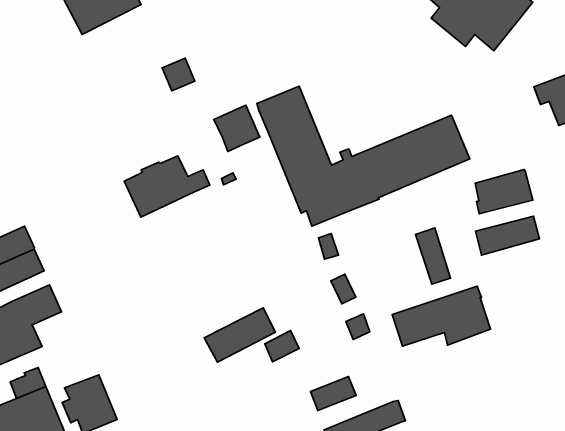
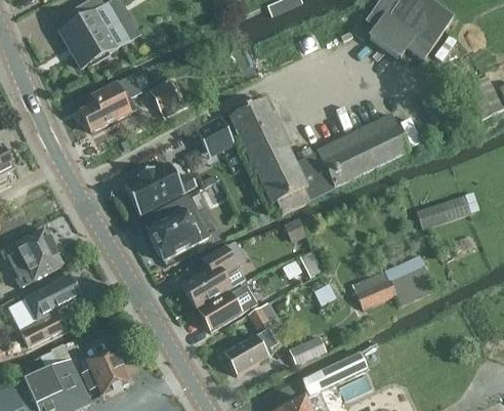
building: none -> [81,76,141,132]
building: [475,170,533,214] -> none
building: none -> [148,195,209,260]
building: [415,228,450,284] -> none
building: none -> [182,246,245,309]
building: none -> [224,330,278,376]

